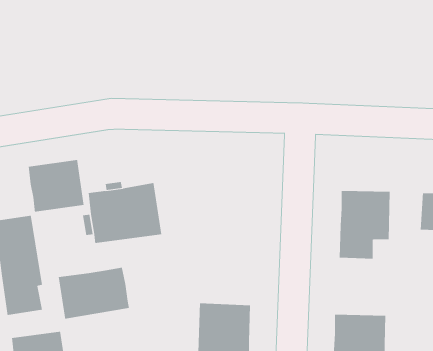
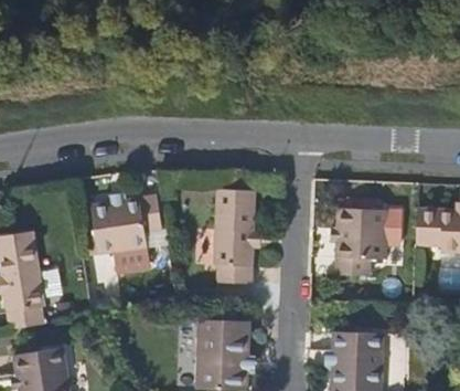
building: [28,159,84,212] -> none
building: none -> [212,189,254,283]
building: [58,267,130,320] -> none

